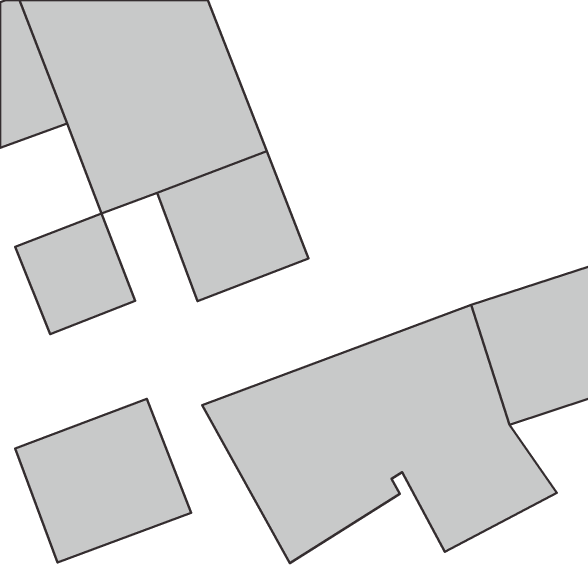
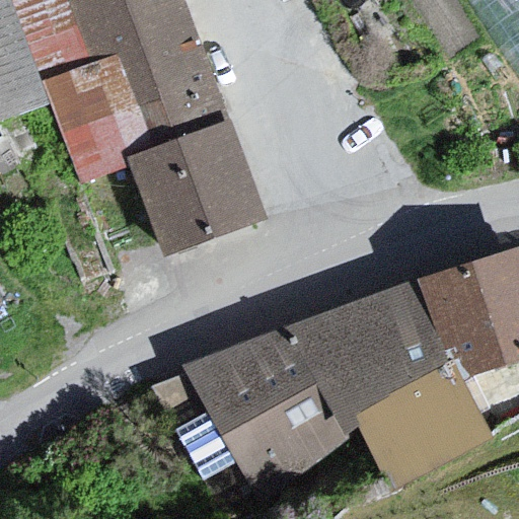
building: [15,214,135,334] -> none
building: [15,399,191,562] -> none

